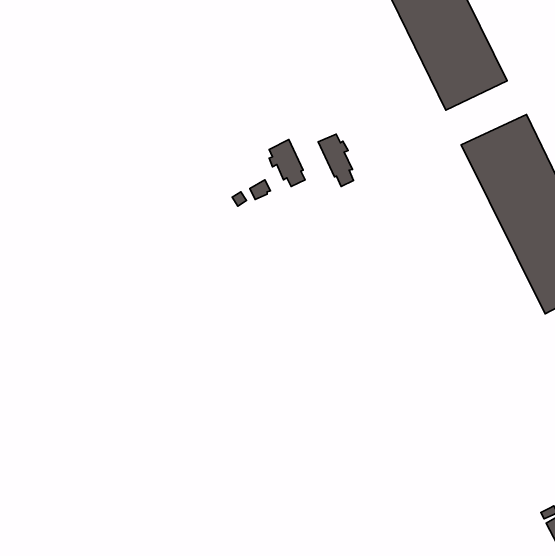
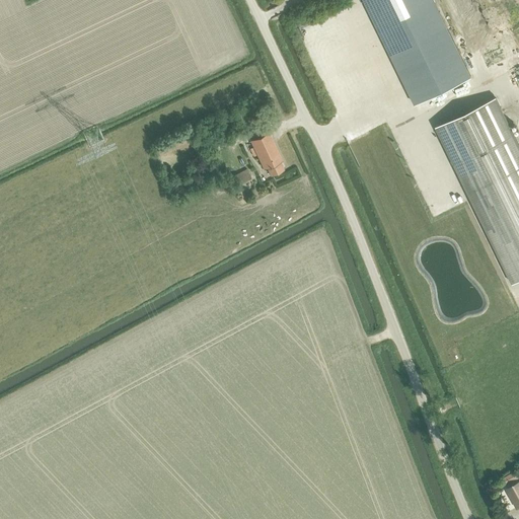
building: [318,134,354,186] -> none

